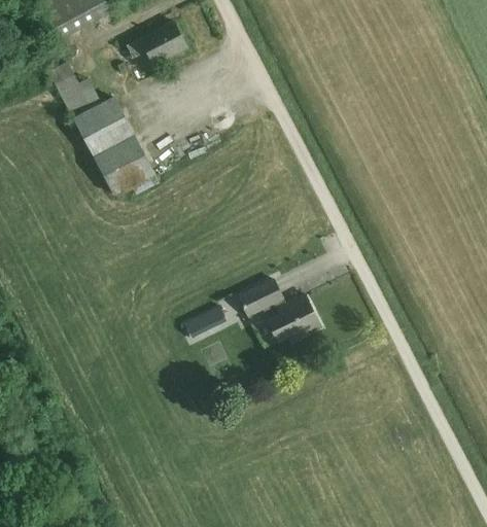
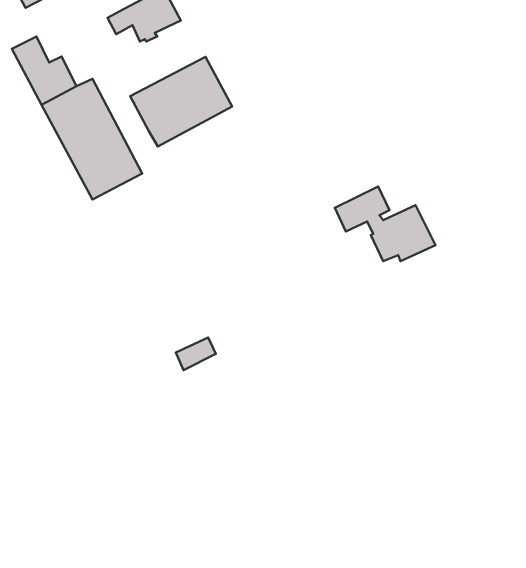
building: none -> [130,57,232,146]
building: [238,279,321,341] -> [335,187,435,261]

